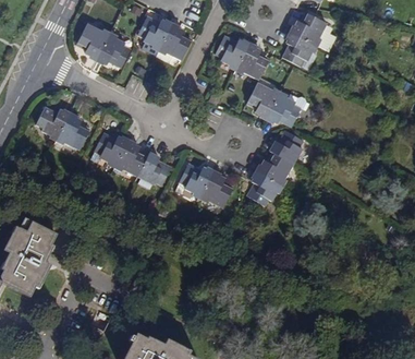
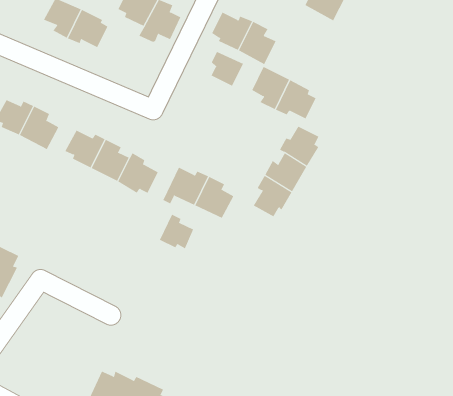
building: [283,31,316,65] -> none
building: none -> [211,51,244,86]
building: none -> [159,214,194,249]

